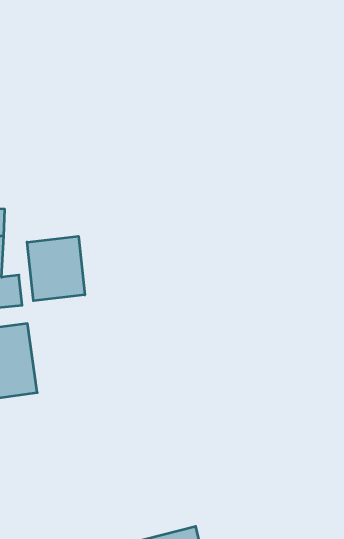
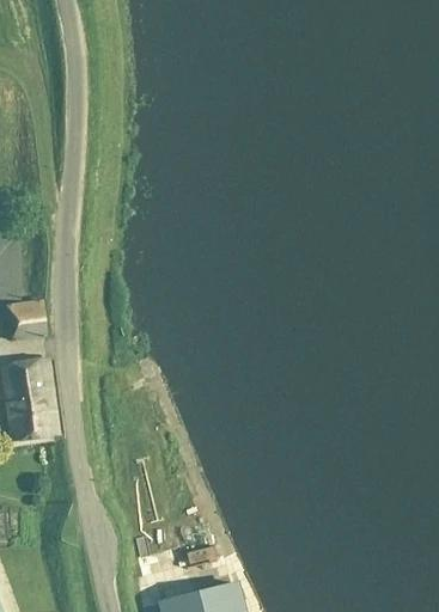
building: [27,236,85,301] -> none

